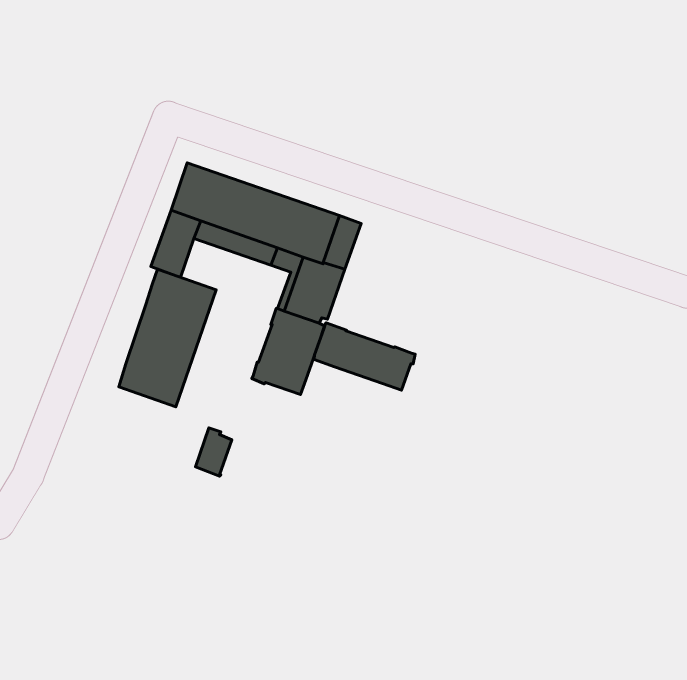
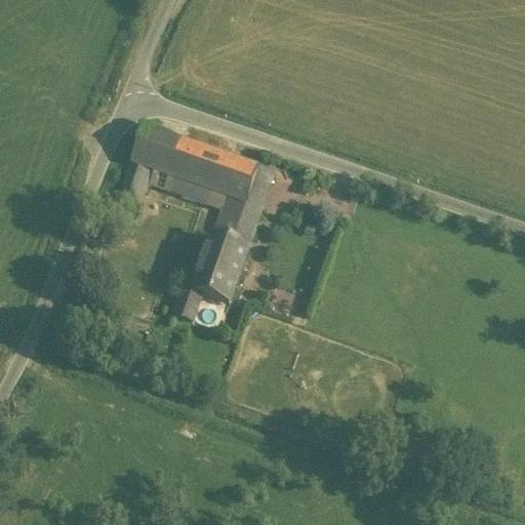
building: [119,269,216,407] -> none
building: [314,323,415,390] -> none
building: [195,428,232,476] -> [173,283,201,320]

